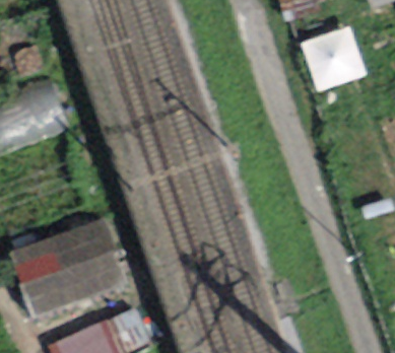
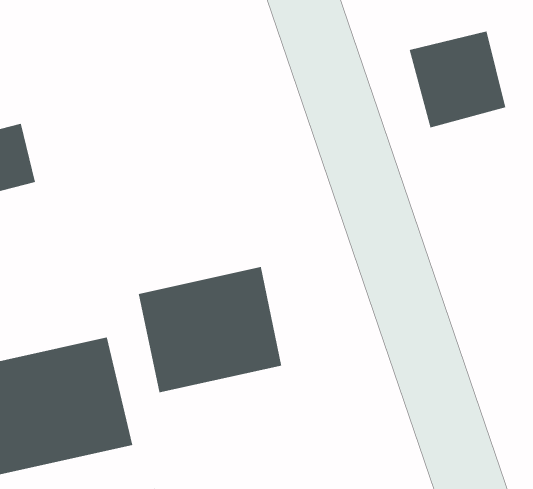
building: none -> [138,266,282,393]

